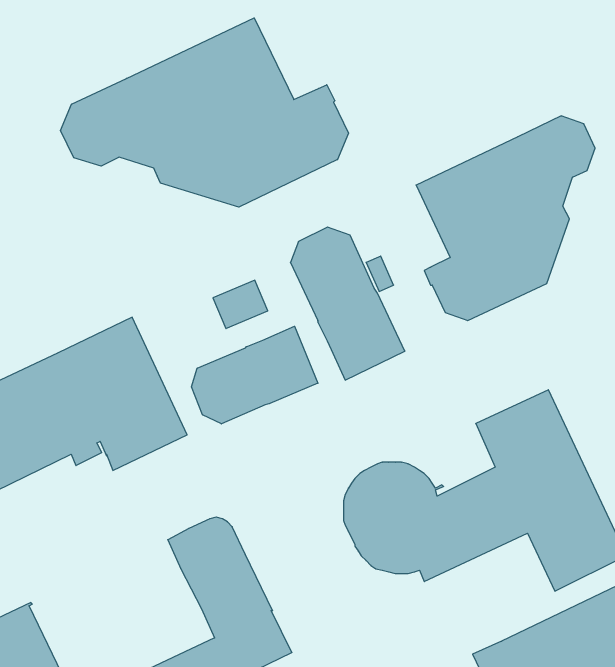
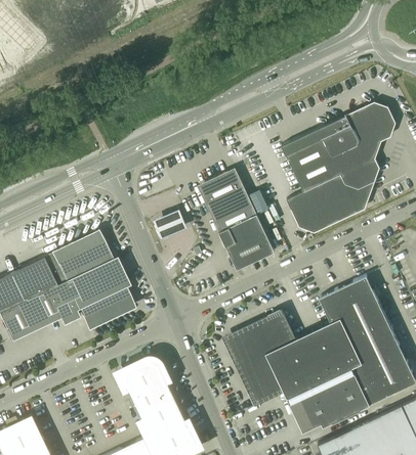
building: [61,18,349,207] -> none
building: [191,326,318,424] -> none
building: none -> [285,371,367,429]

